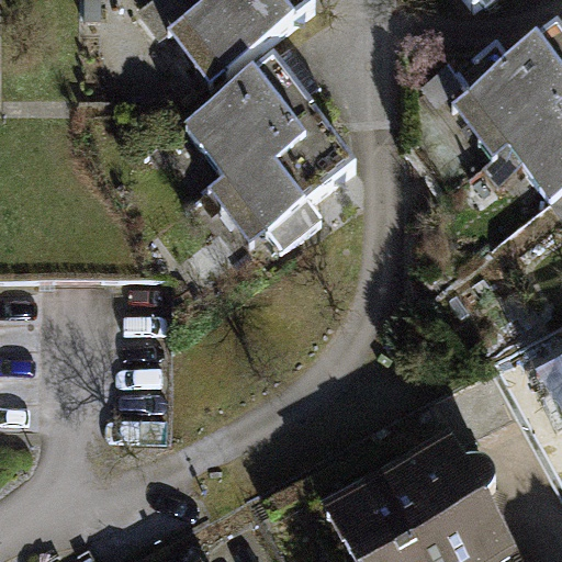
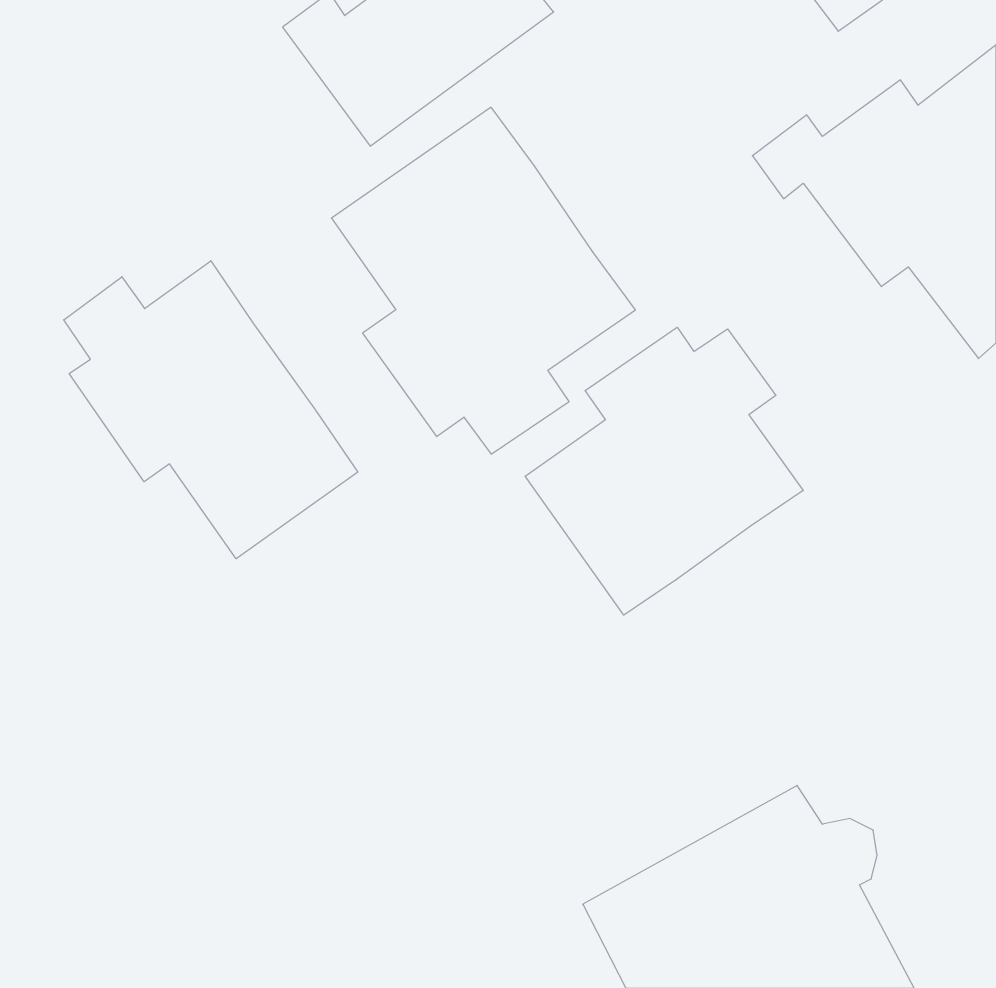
building: none -> [64,261,358,559]
building: none -> [525,327,803,615]

